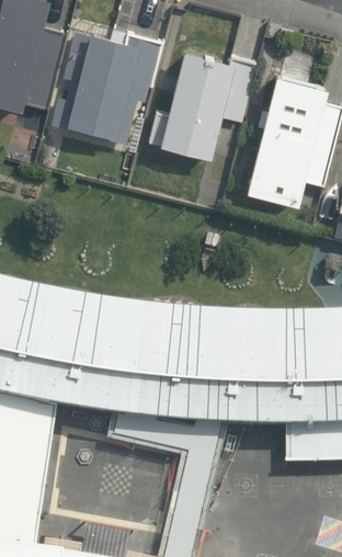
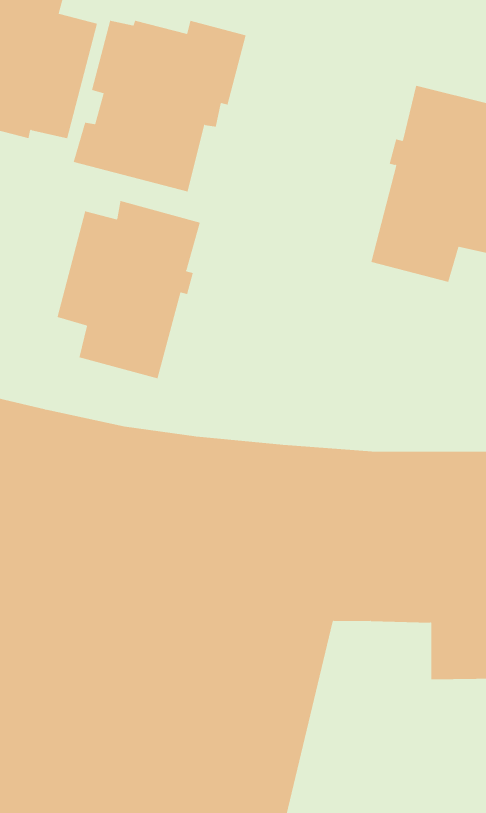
building: [149,45,259,154] -> none
building: none -> [57,200,201,379]

